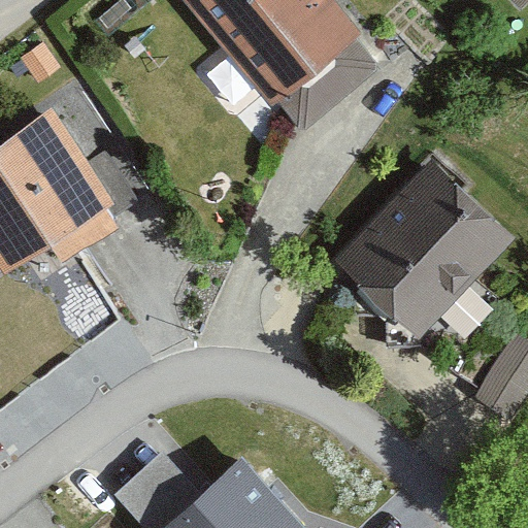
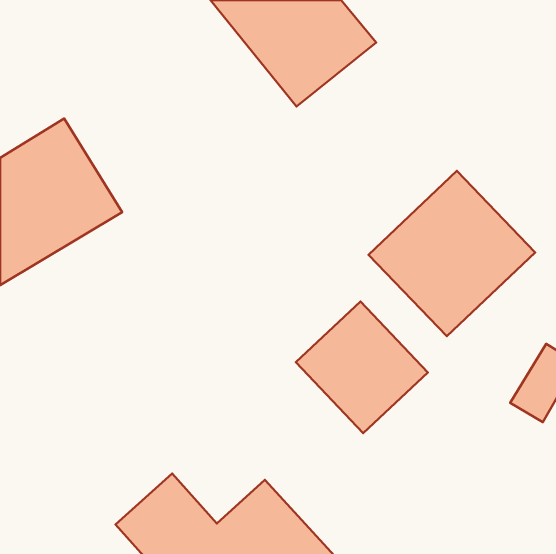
building: none -> [296,302,428,433]

